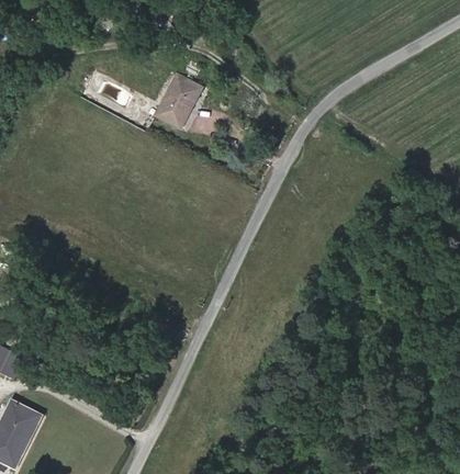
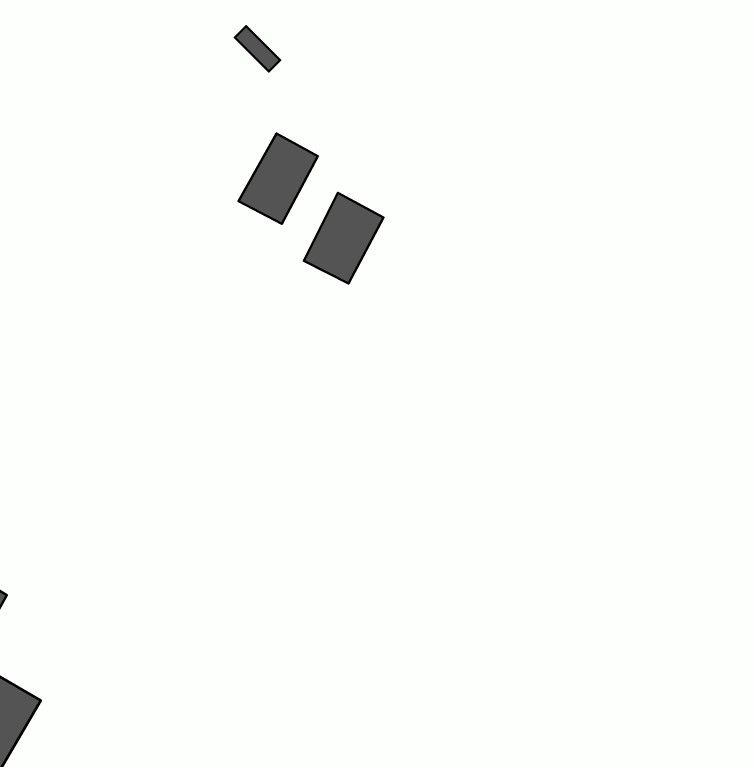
building: none -> [304,193,384,284]

